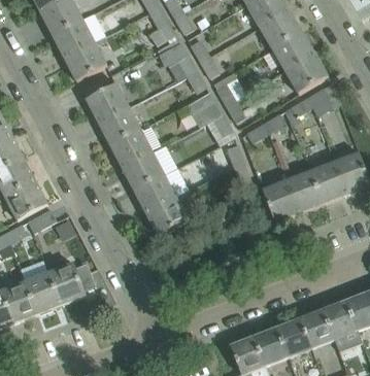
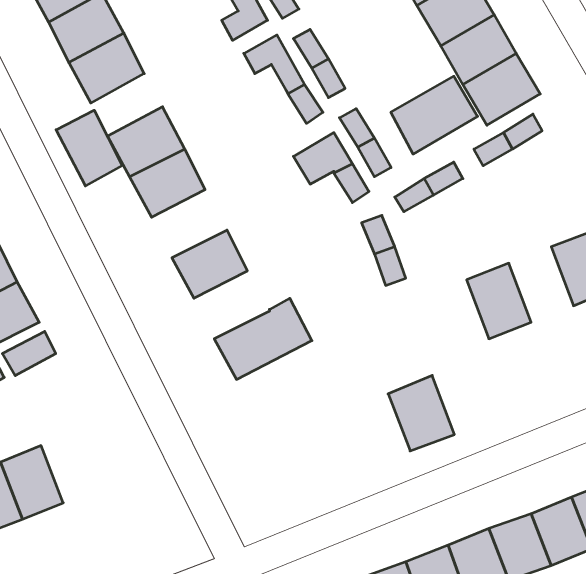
building: none -> [391,76,478,154]
building: none -> [56,110,122,186]
building: [110,129,153,167] -> none
building: [310,161,346,203] -> none
building: [134,174,176,212] -> none
building: [262,179,299,221] -> [388,375,454,451]
building: [48,263,96,304] -> none

